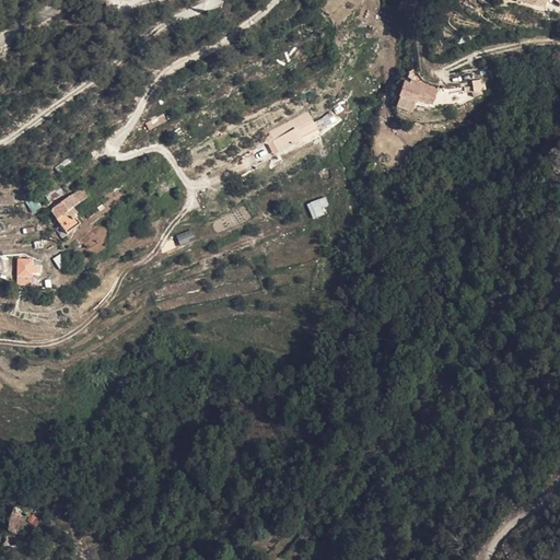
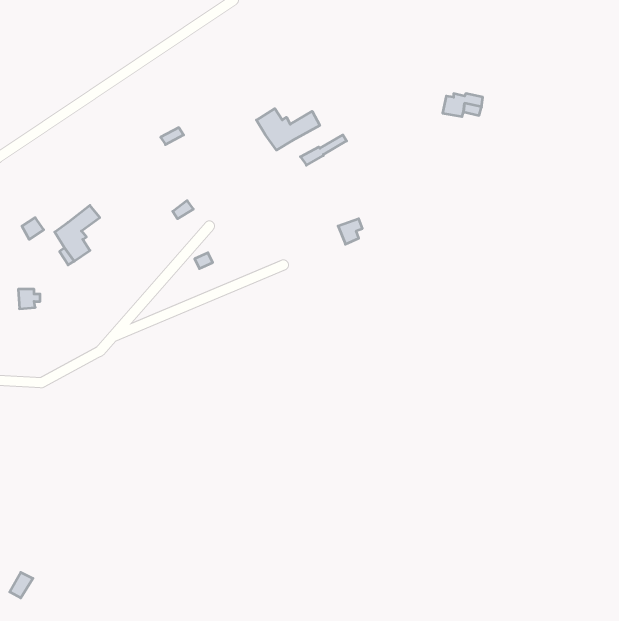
building: none -> [256,109,320,150]

